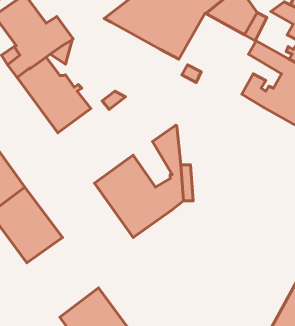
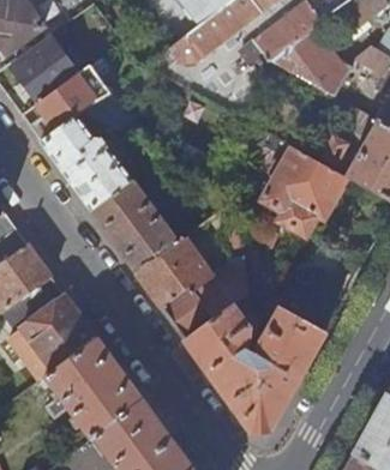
building: none -> [263,146,346,235]
building: none -> [90,179,176,271]
building: none -> [184,303,325,428]
building: none -> [38,338,140,439]

